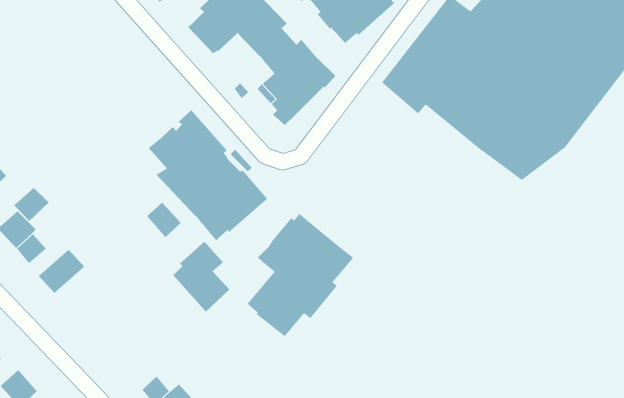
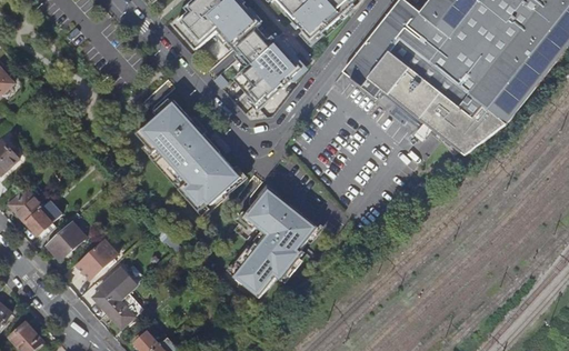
building: [14,187,50,222] -> none
building: [146,202,181,238] -> none
building: [173,241,230,312] -> [91,263,141,325]
building: none -> [74,237,116,277]

